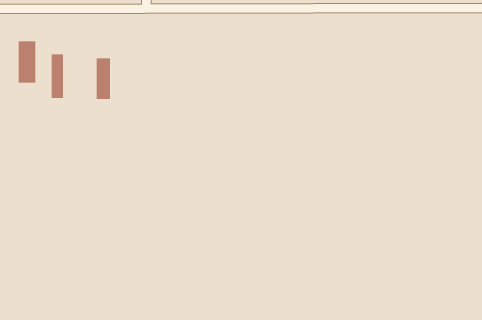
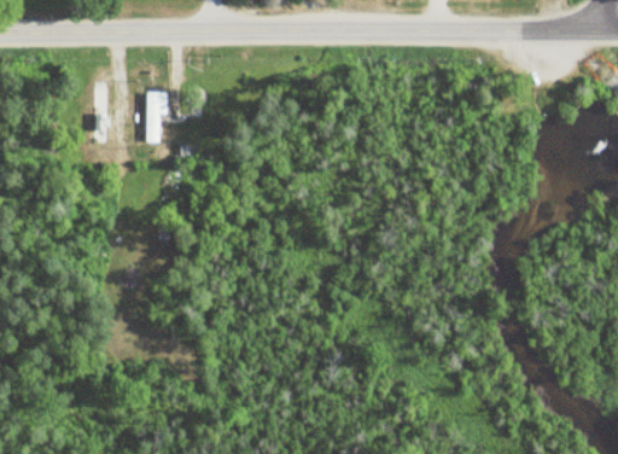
building: [18,41,36,84] -> none

